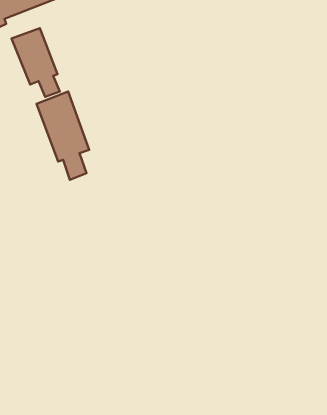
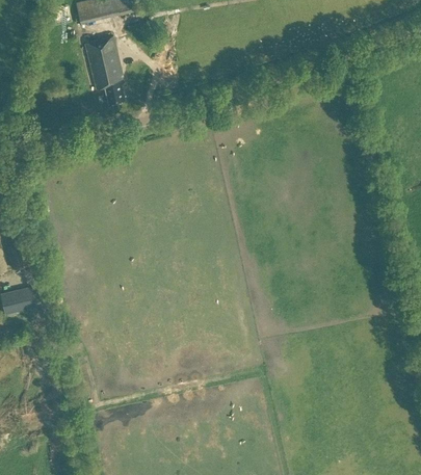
building: [36,92,89,180] -> none

